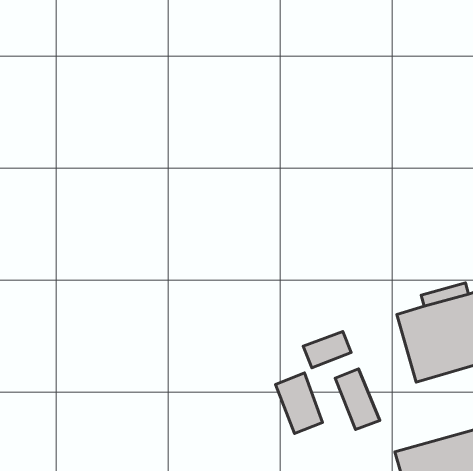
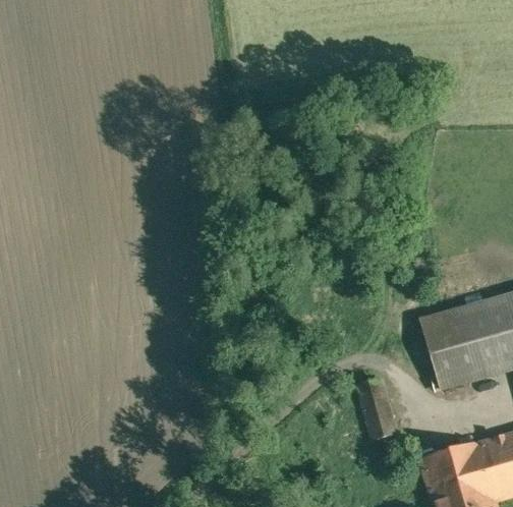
building: [303,332,351,368] -> none
building: [275,373,323,433] -> none

